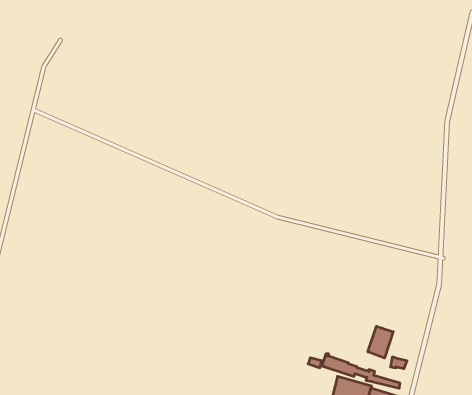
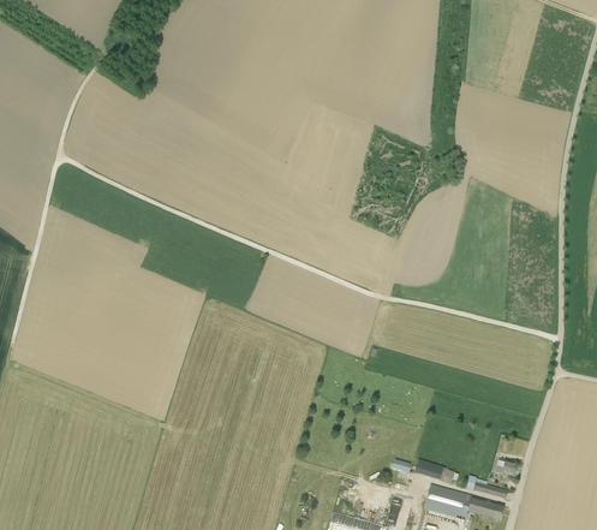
building: [368,326,393,358] -> none

